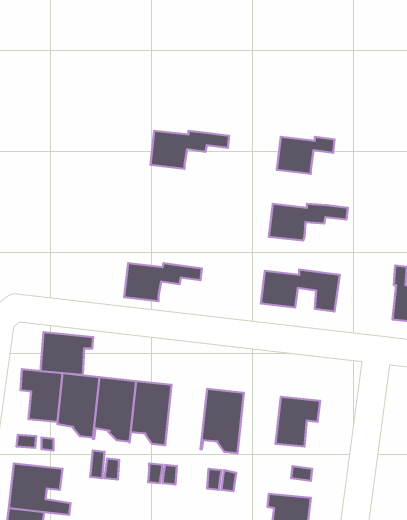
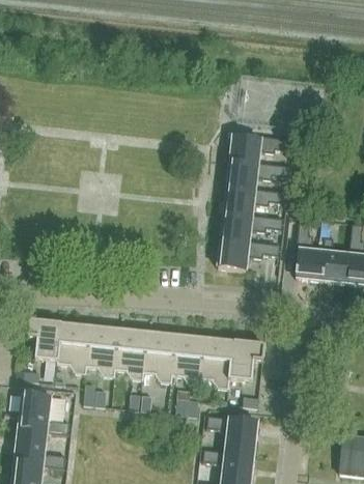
building: [150,131,229,169] -> [228,161,290,191]
building: none -> [297,216,326,279]
building: [124,263,202,301] -> [222,213,283,244]
building: [41,332,93,375] -> none
building: none -> [143,331,176,381]
building: none -> [200,337,234,388]

